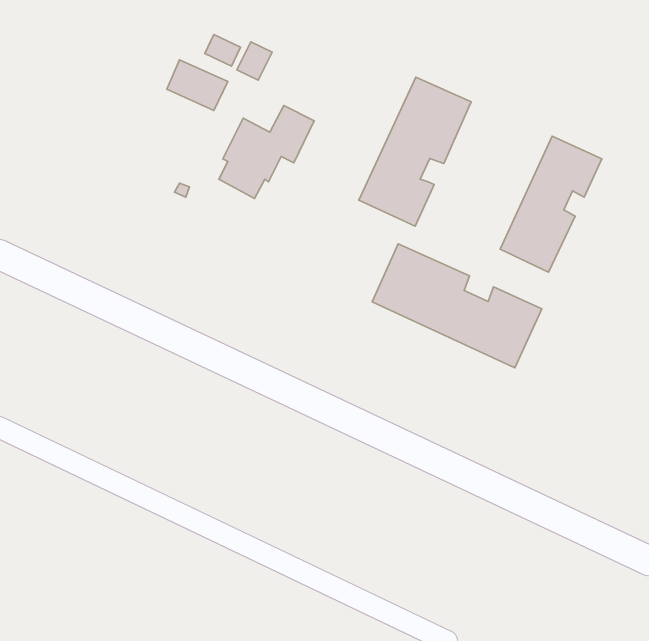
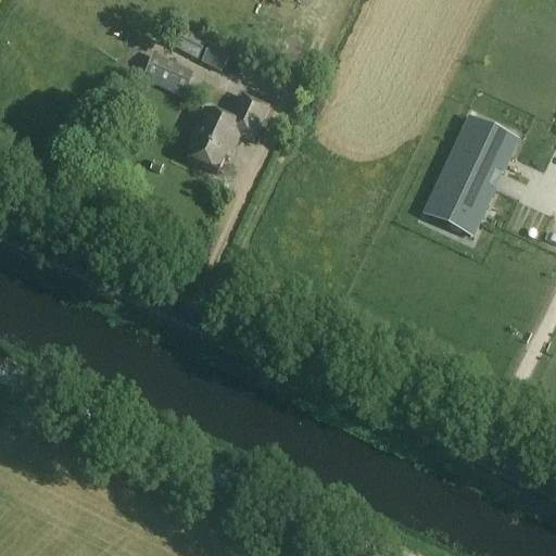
building: [359,77,471,226] -> none
building: [372,244,542,368] -> none

